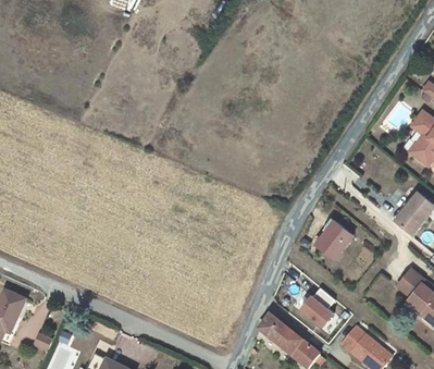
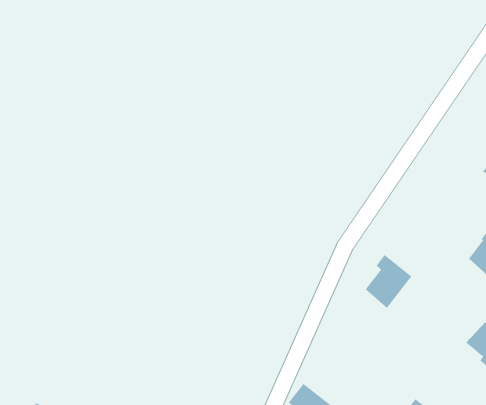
building: [299,288,334,328] -> none

